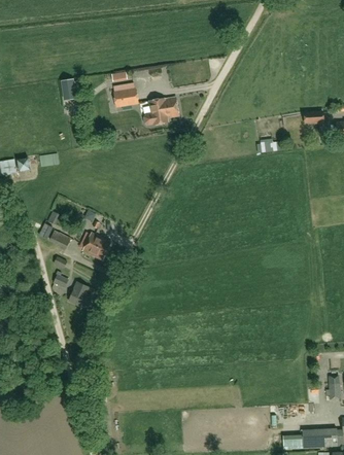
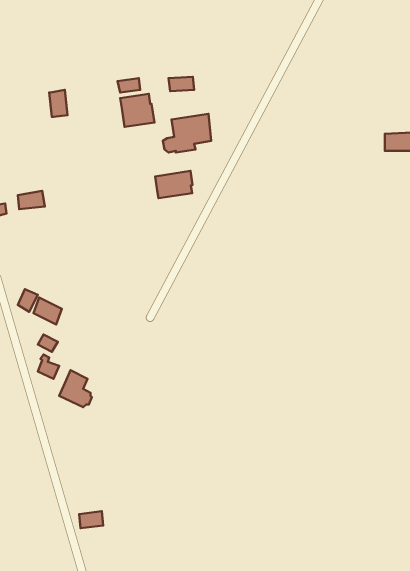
building: none -> [155,171,192,198]
building: [81,232,111,260] -> none

